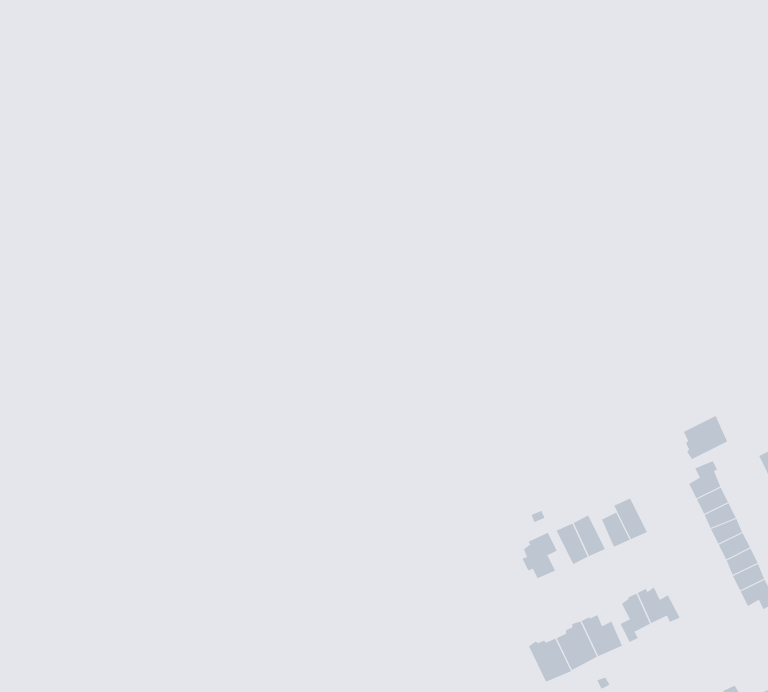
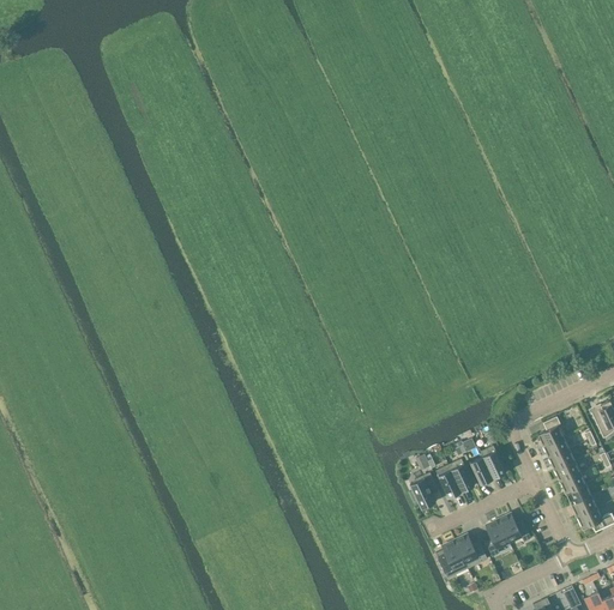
building: [683,415,728,460] -> none
building: [528,638,572,683] -> none

